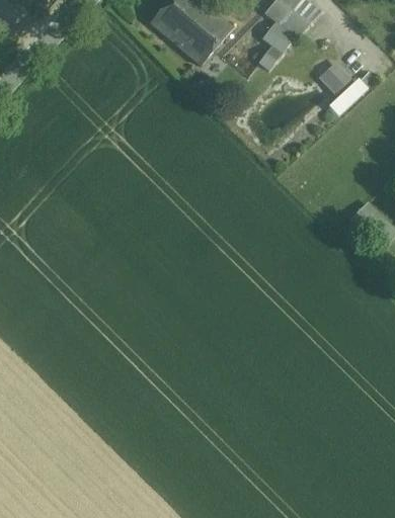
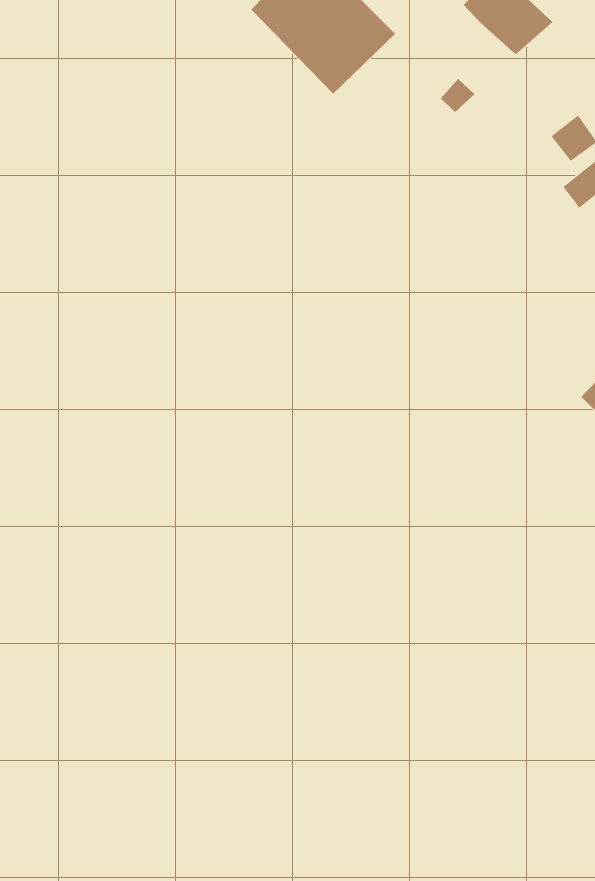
building: [264,18,297,49] -> none

